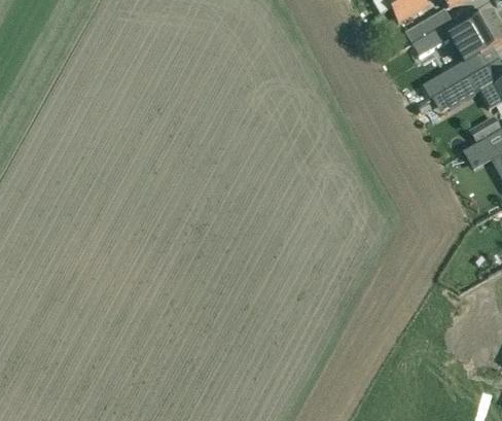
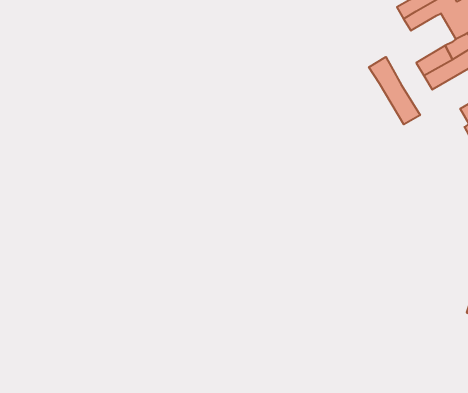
building: none -> [369,57,420,124]

